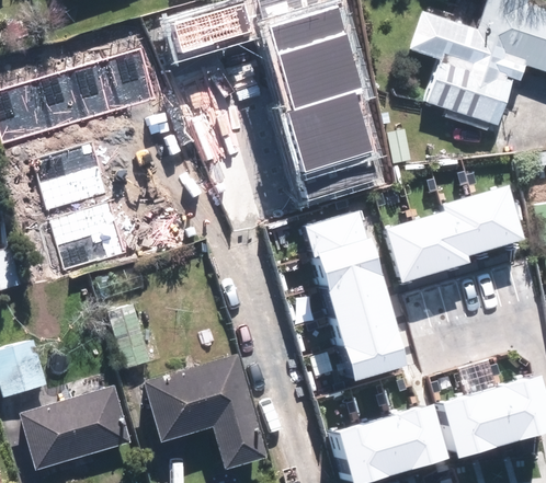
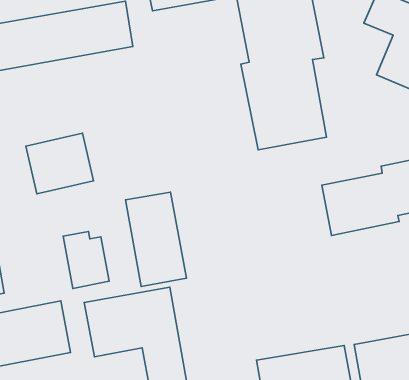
building: [34,139,112,210] -> none
building: [303,209,410,377] -> none
building: none -> [126,192,187,287]

